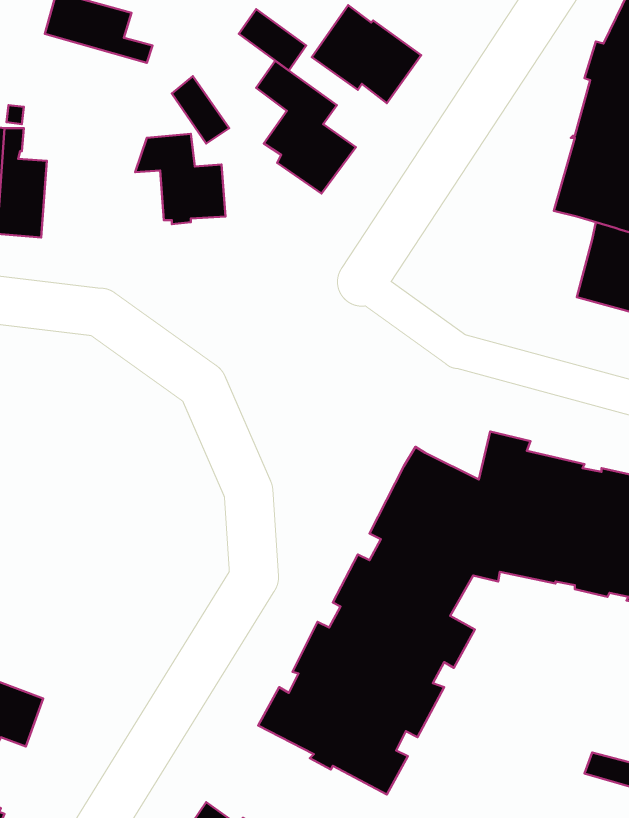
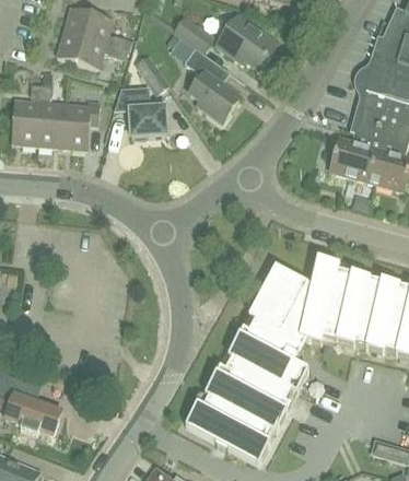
building: none -> [56,32,121,69]
building: none -> [61,104,100,150]
building: none -> [329,136,377,181]

